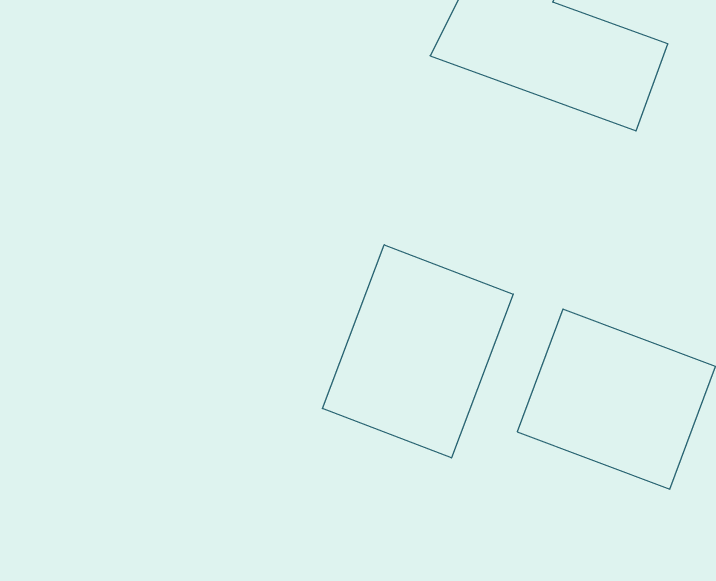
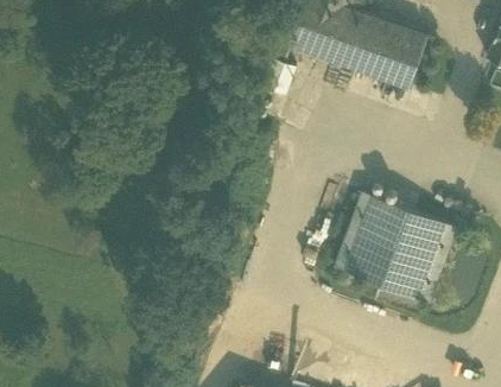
building: [322,245,513,458] -> none

